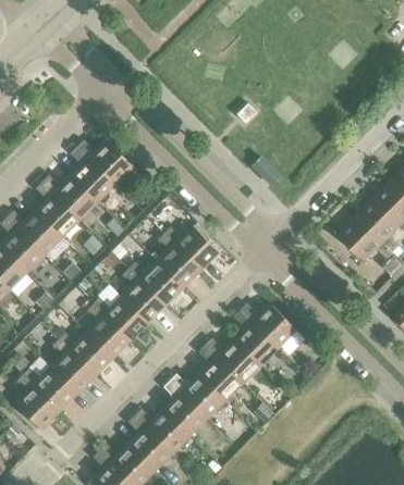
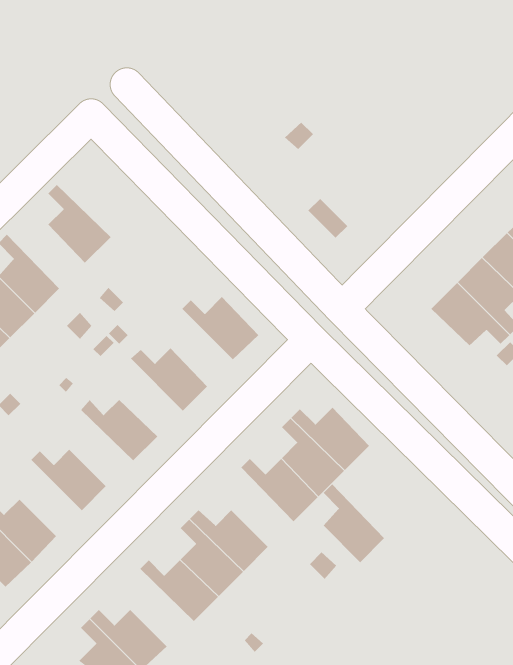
building: [76,139,132,184] -> none
building: [41,175,96,220] -> none
building: [156,234,199,288] -> none
building: [120,269,164,323] -> none
building: [85,304,130,358] -> none
building: [50,339,94,393] -> none
building: [198,345,242,400] -> [323,484,385,563]
building: [127,415,172,470] -> none

